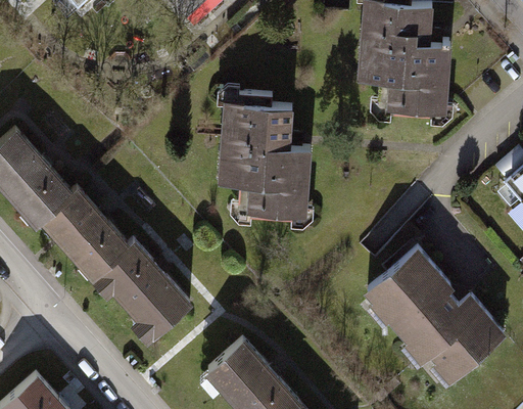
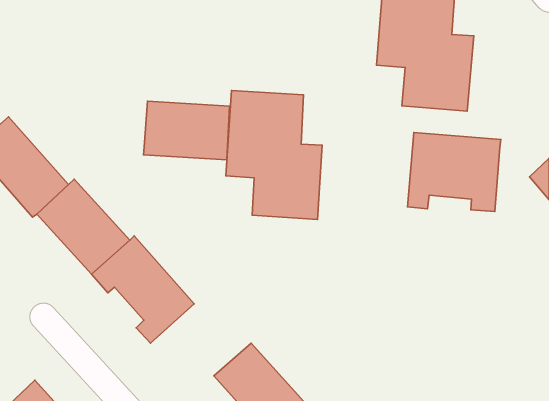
building: none -> [143,101,229,160]
building: none -> [407,133,501,212]
building: [364,252,503,383] -> none

